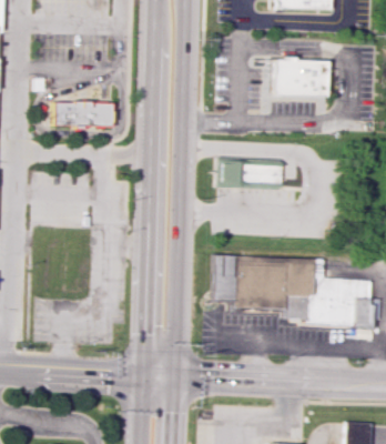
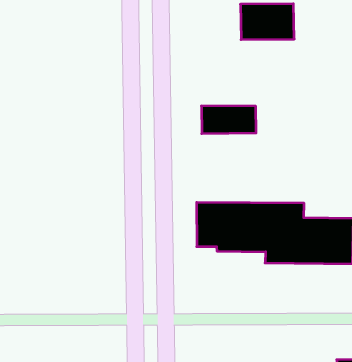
building: [57,100,112,123] -> none

